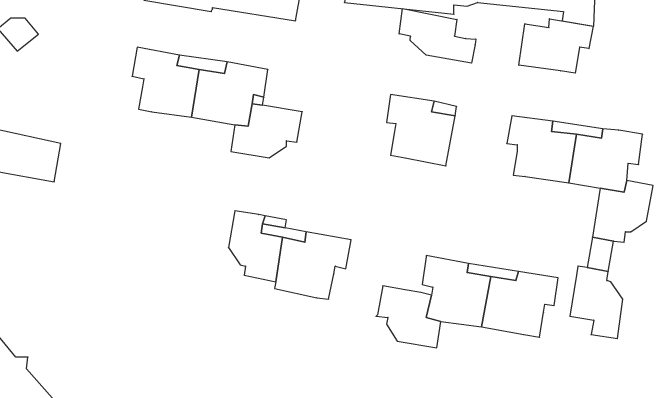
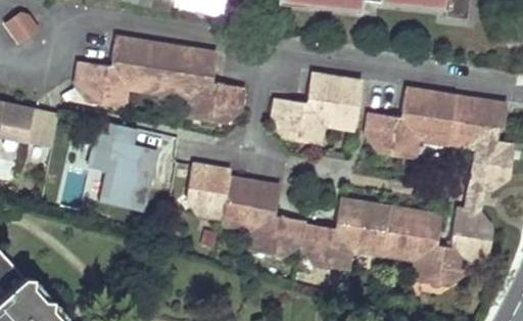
building: [399,9,476,63] -> none
building: [519,19,593,73] -> none
building: none -> [78,62,128,108]
building: none -> [274,97,324,144]
building: none -> [368,112,417,158]
building: none -> [91,122,155,212]
building: none -> [252,214,306,257]
building: none -> [413,243,470,287]

